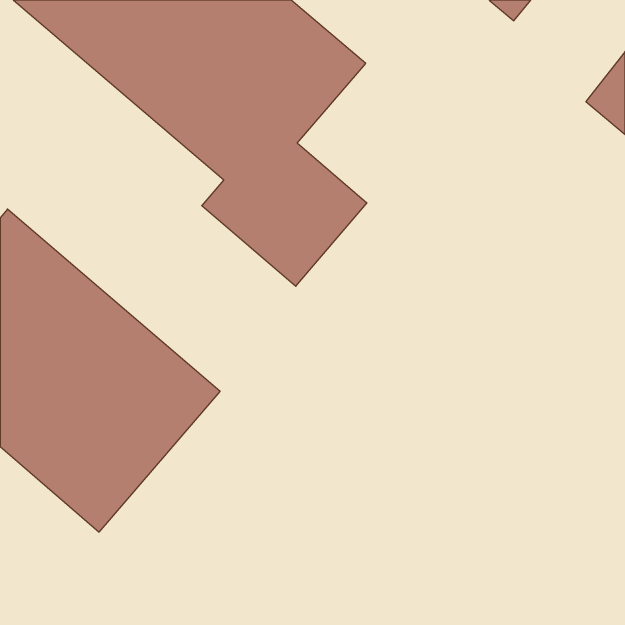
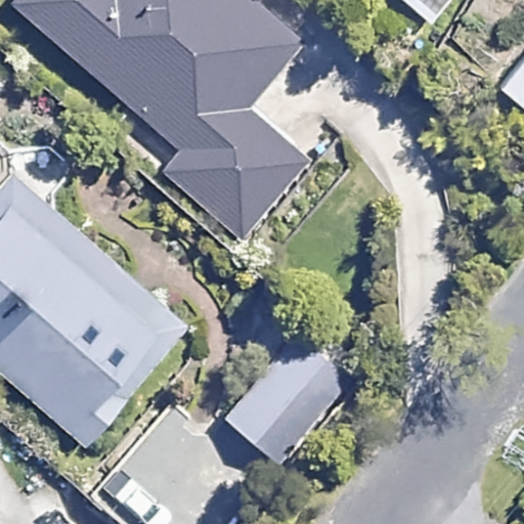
building: none -> [225,339,341,456]

